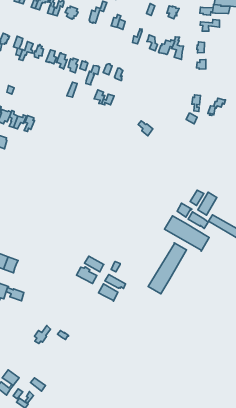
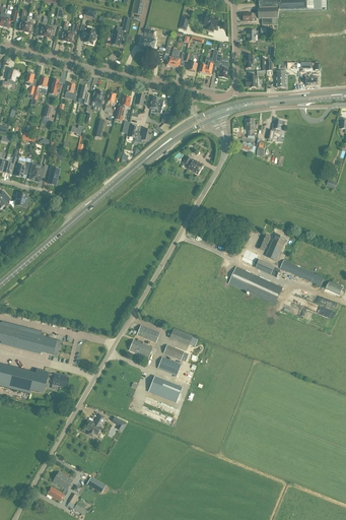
building: [148,243,187,294] -> none
building: none -> [147,376,182,402]

